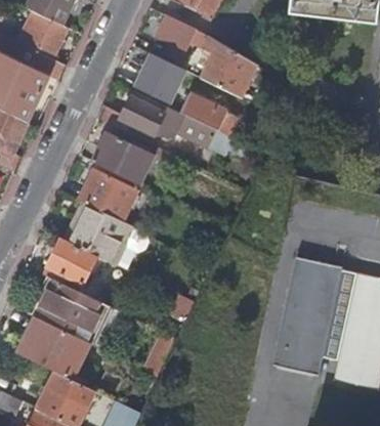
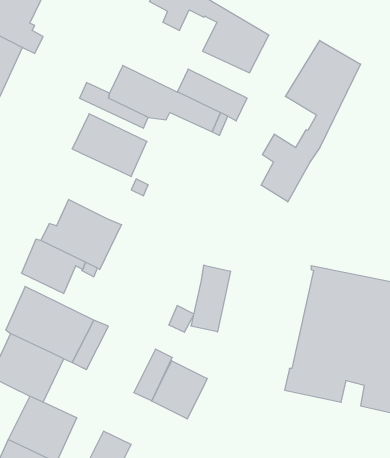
building: [135,54,184,103] -> none
building: none -> [261,40,361,202]
building: [81,166,134,221] -> none
building: none -> [191,265,230,332]
building: none -> [152,361,207,419]

